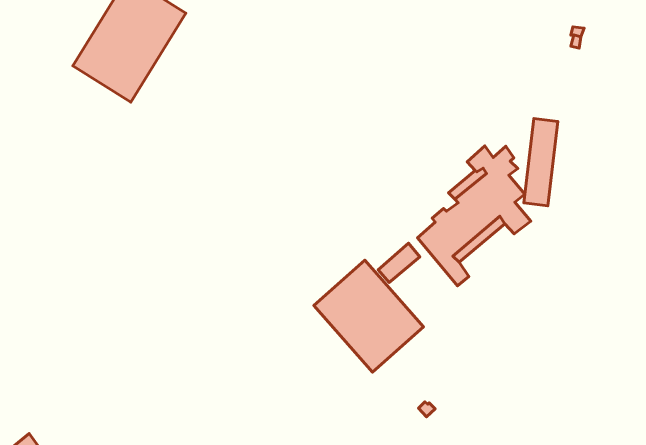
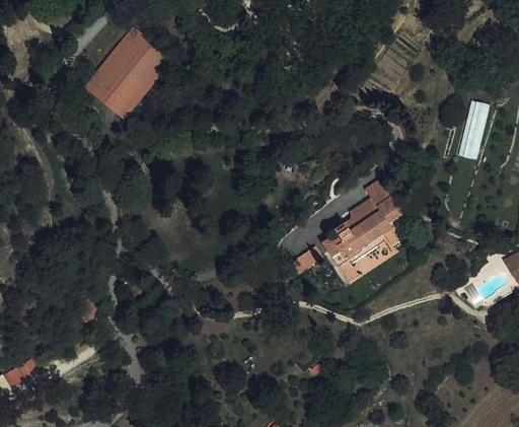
building: [524,119,558,206] -> [456,98,488,163]
building: [314,260,424,372] -> none

